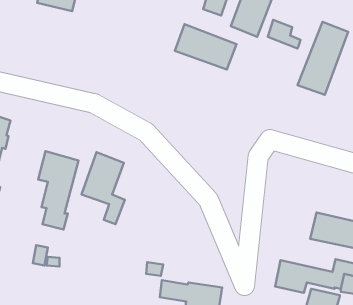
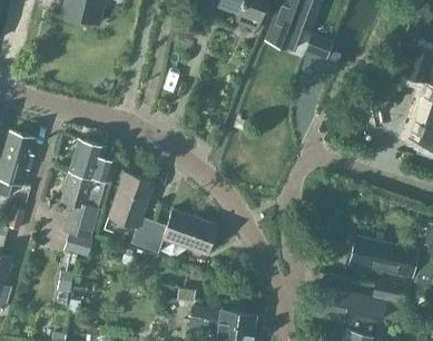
building: [298,22,348,95] -> none
building: [175,24,237,69] -> none
building: none -> [68,142,114,184]
building: none -> [144,211,216,256]

